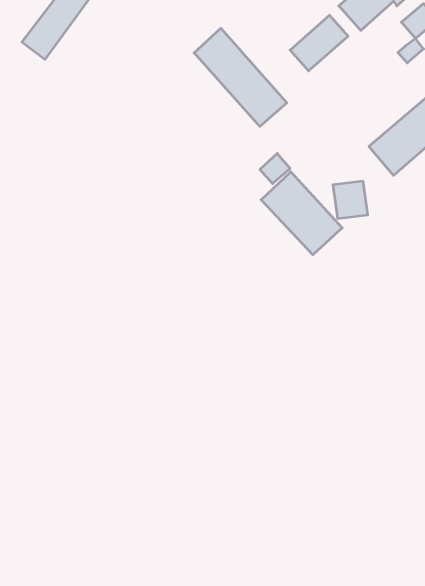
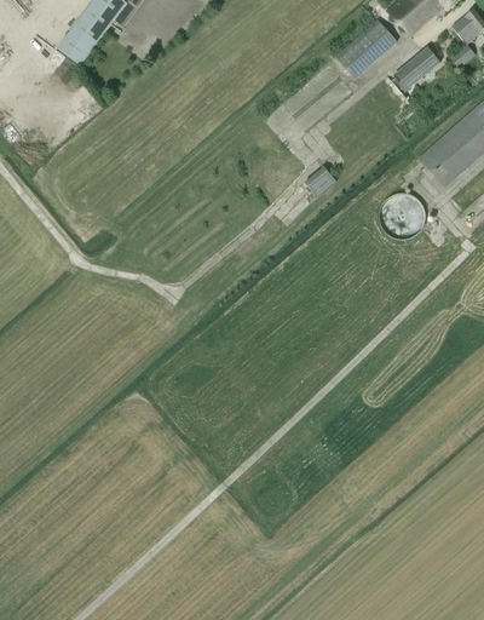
building: [194,28,287,126] -> none
building: none -> [392,46,440,93]
building: [261,172,342,255] -> none

